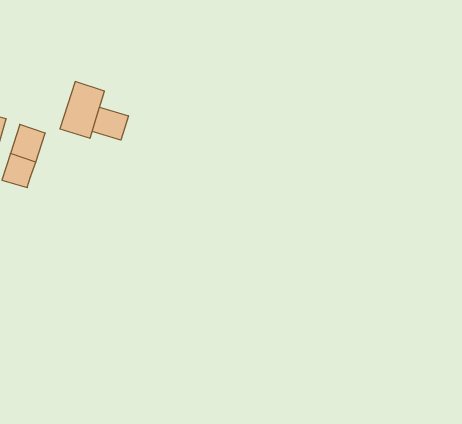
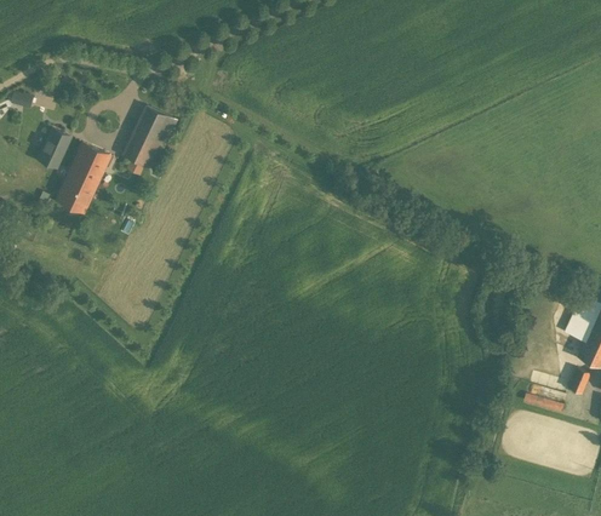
building: [92,107,128,140] -> none

